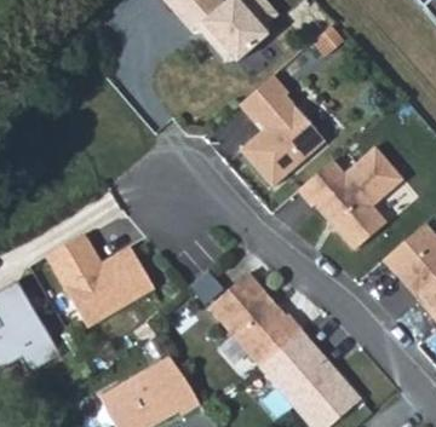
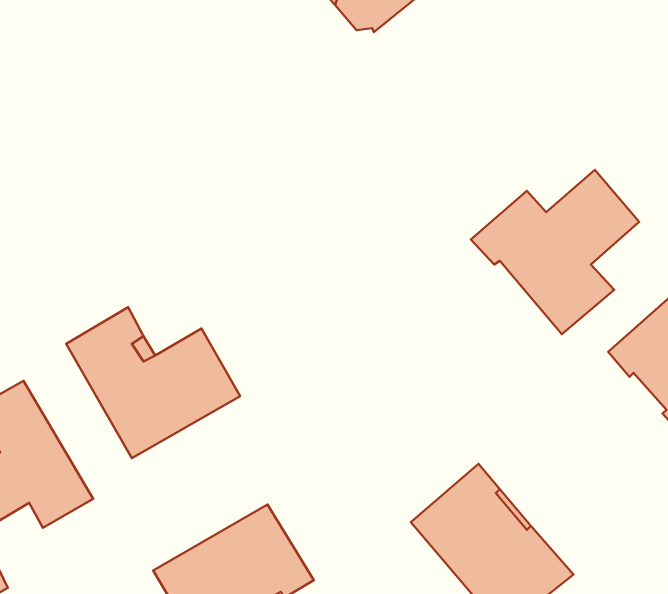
building: [240,74,326,186] -> none
building: [210,272,303,367] -> none

